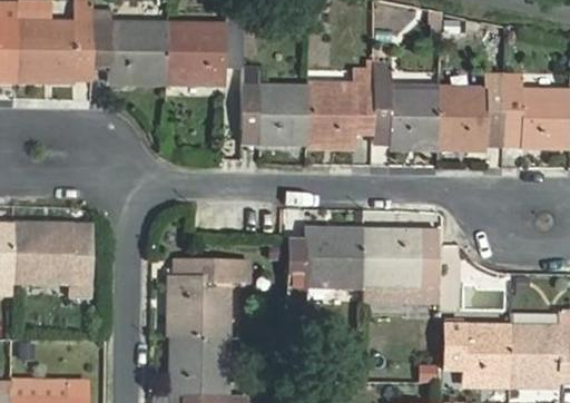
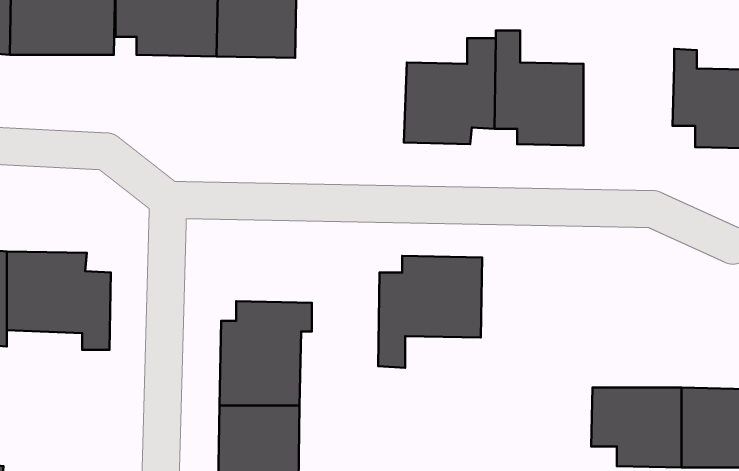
building: [242,67,308,144] -> none
building: [439,86,505,147] -> none
building: [363,228,440,303] -> none

